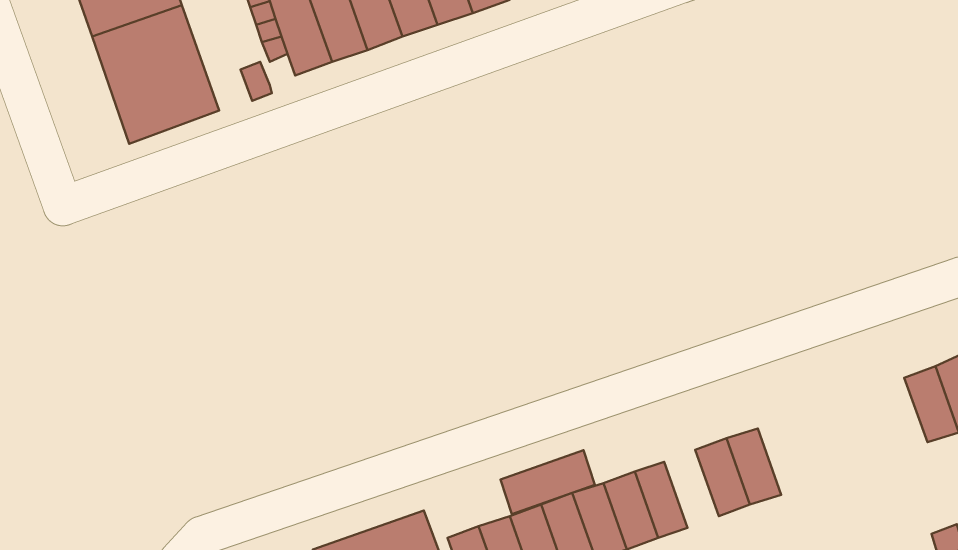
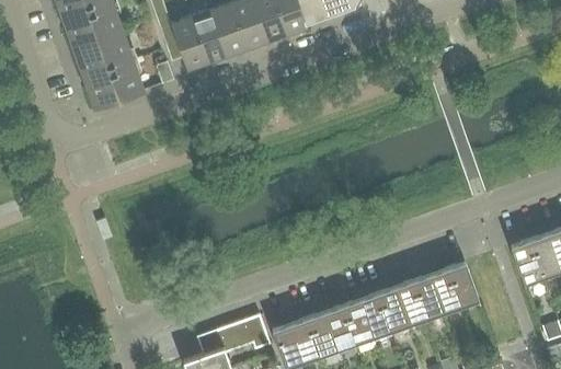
building: none -> [511,240,542,282]
building: none -> [447,262,479,305]
building: none -> [394,280,425,324]
building: [501,450,595,514] -> none

